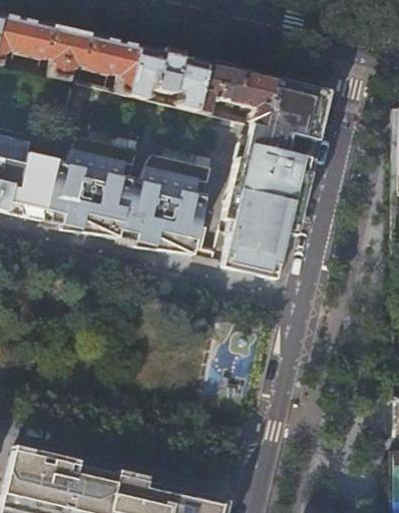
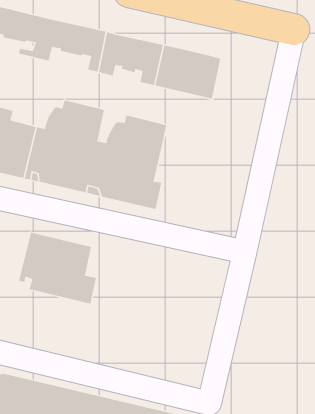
building: [267,79,326,137] -> none
building: [213,139,310,279] -> none
building: none -> [18,232,97,304]

